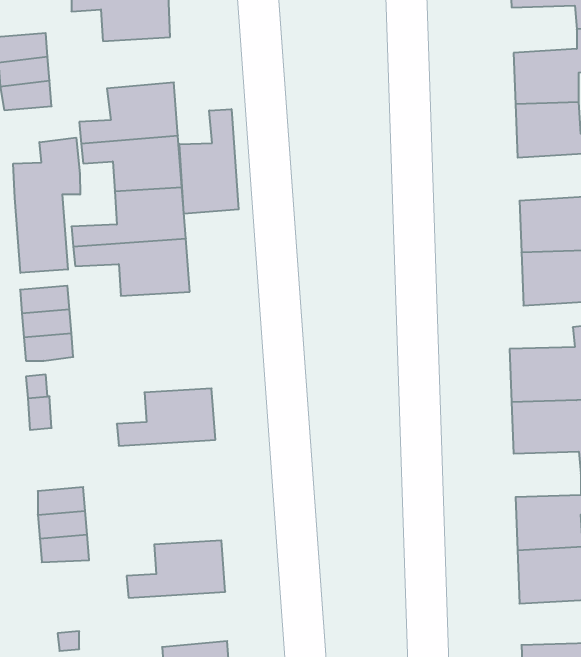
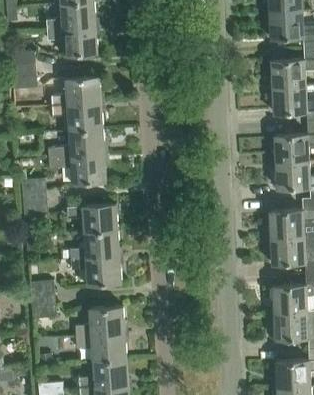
building: [180,109,239,214] -> none
building: [13,138,80,273] -> none
building: none -> [67,203,118,232]
building: none -> [71,256,122,285]
building: none -> [76,333,126,361]

